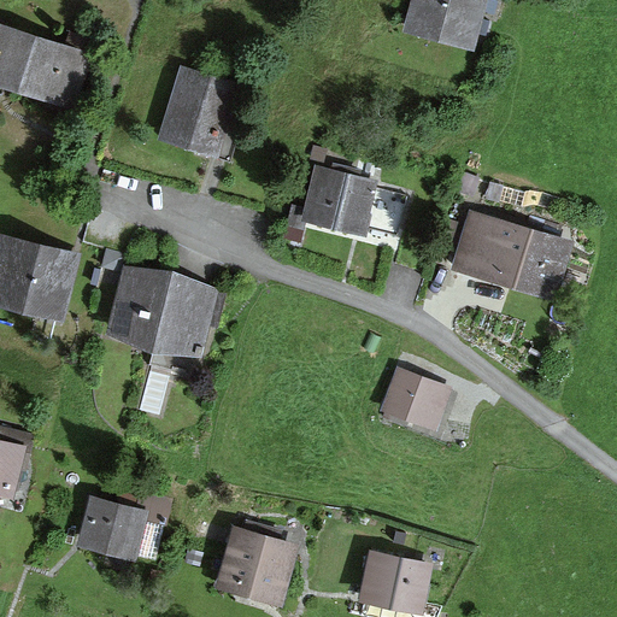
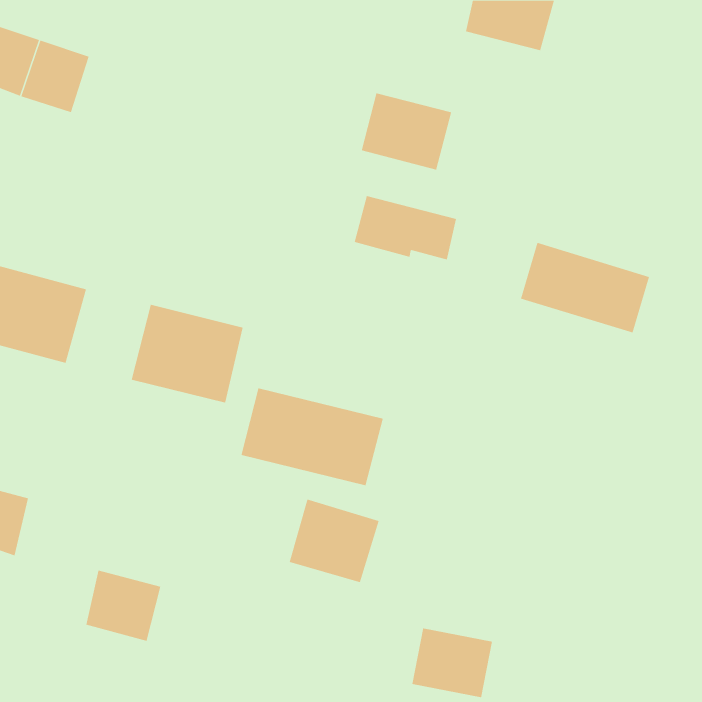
building: [160,69,233,151] -> none
building: none -> [361,92,452,170]
building: none -> [241,387,383,486]
building: [382,370,448,427] -> none
building: [217,529,296,603] -> [289,499,380,583]

